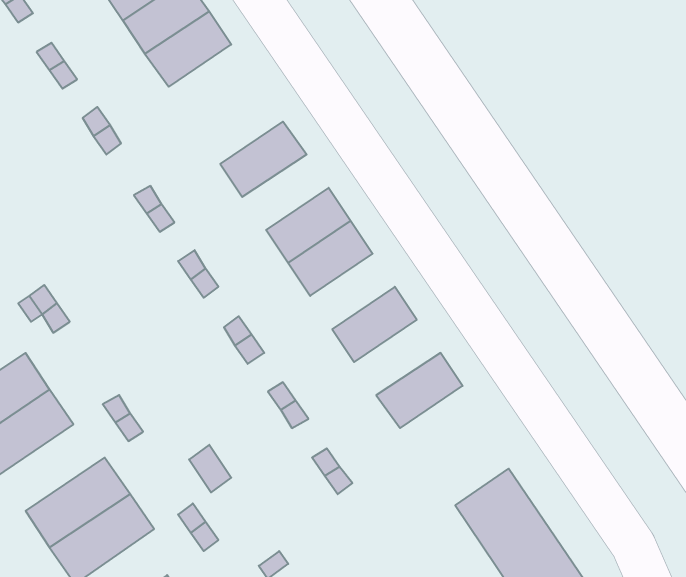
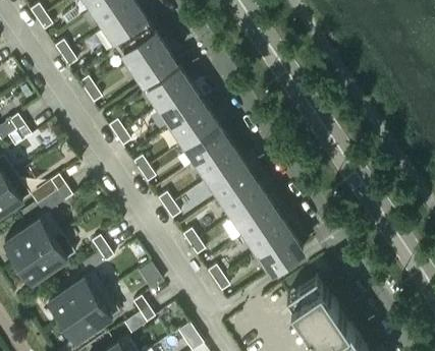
building: none -> [128,44,175,85]
building: none -> [145,68,192,110]
building: none -> [169,105,217,147]
building: none -> [207,160,254,201]
building: none -> [231,196,279,238]
building: none -> [257,233,304,275]

